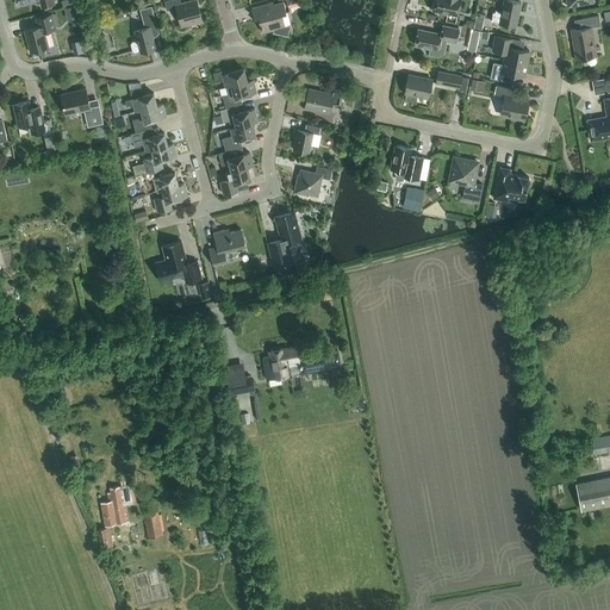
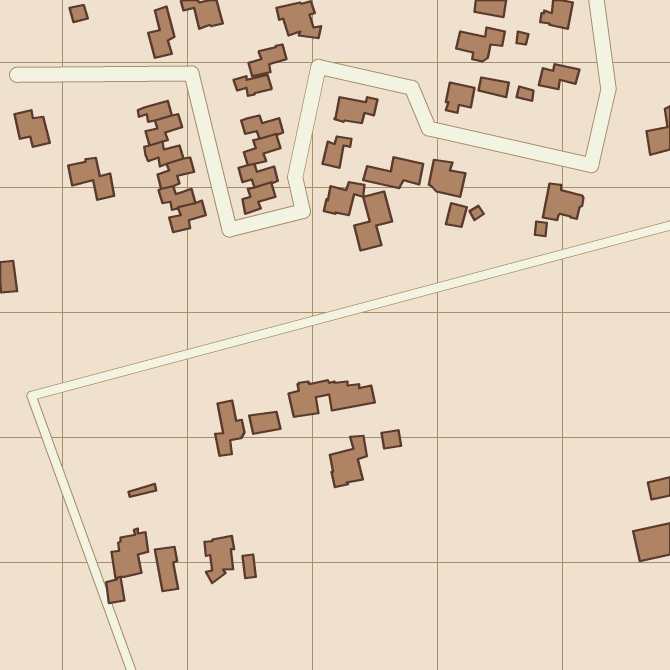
building: [24,13,56,52] -> none
building: [569,15,600,64] -> none
building: [492,35,529,63] -> none
building: [222,79,256,107] -> [248,45,286,76]
building: [493,86,528,119] -> none
building: [61,88,102,126] -> [68,158,114,200]
building: none -> [363,157,423,188]
building: [448,157,483,200] -> none
building: [267,211,301,264] -> [354,191,392,250]
building: [206,229,245,266] -> none
building: [155,241,201,282] -> none
building: none -> [215,400,244,456]
building: none -> [330,436,367,487]
building: none -> [204,536,234,583]

